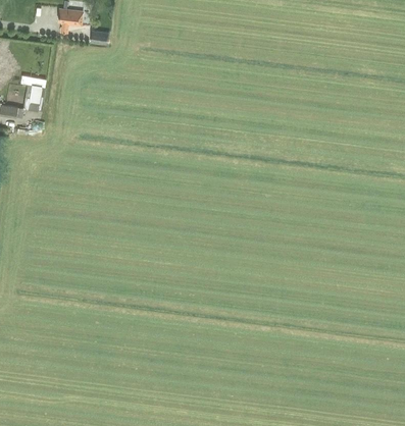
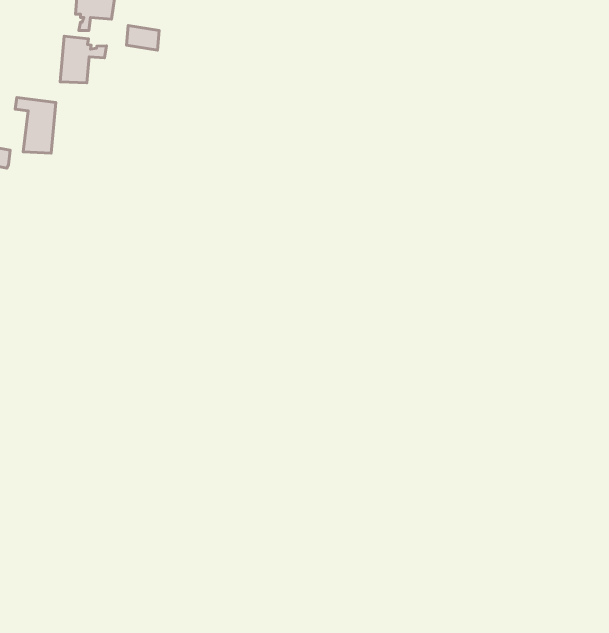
building: none -> [60,36,106,83]

